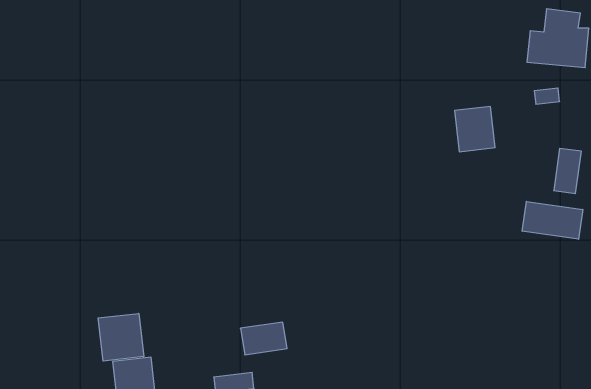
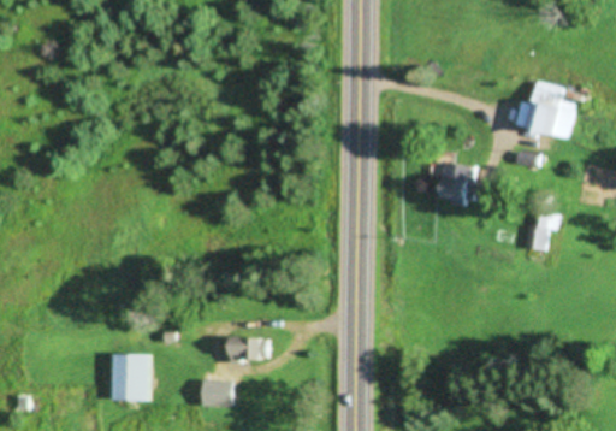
building: [522,201,583,239] -> none
building: [98,313,144,361] -> none

